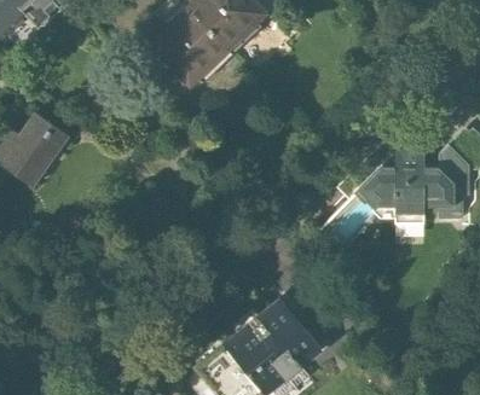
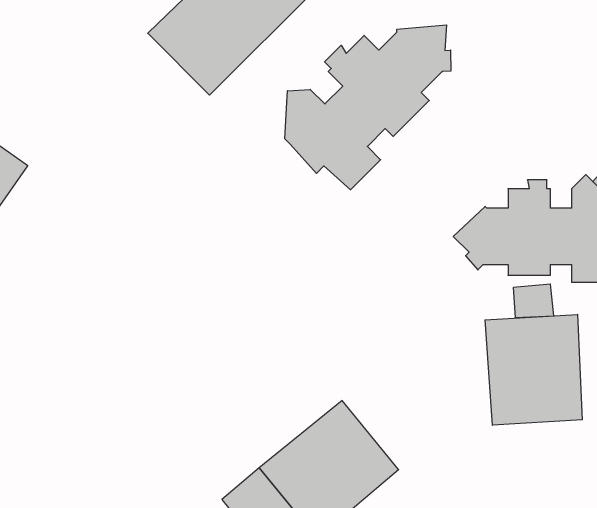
building: none -> [285,25,451,190]
building: none -> [485,314,582,425]

